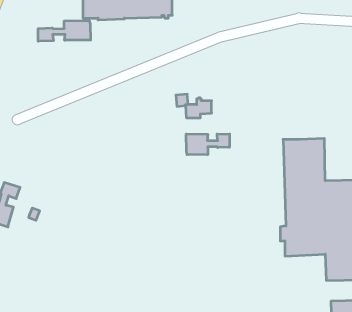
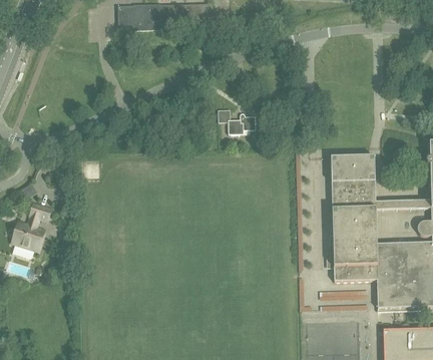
building: [38,21,91,41] -> none
building: [186,134,230,155] -> none

